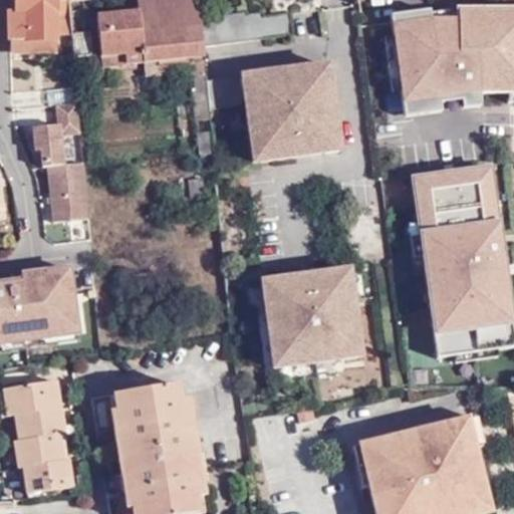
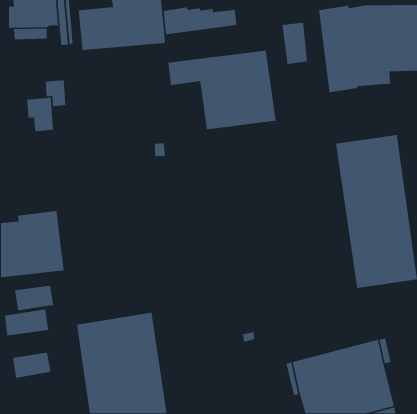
building: none -> [282,22,308,65]
building: [48,159,90,217] -> none
building: [262,268,360,365] -> none
building: [16,406,65,438] -> [14,285,54,311]
building: [24,457,73,491] -> none

